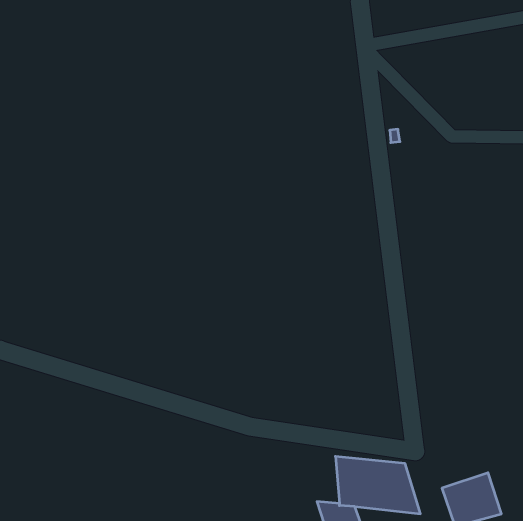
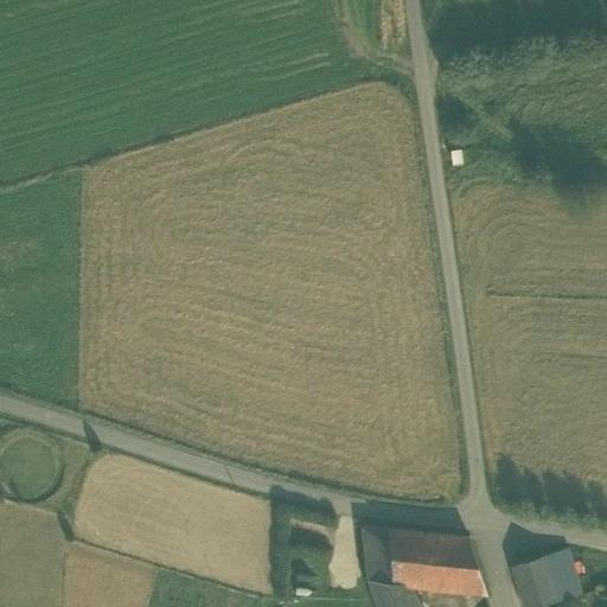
building: none -> [362,529,394,586]

